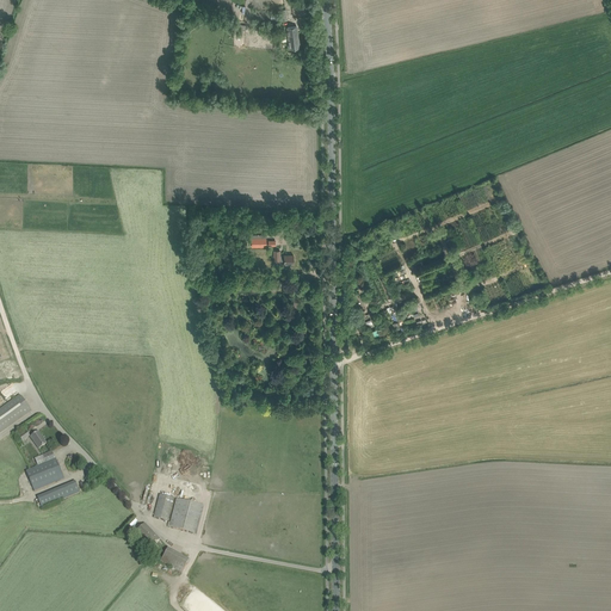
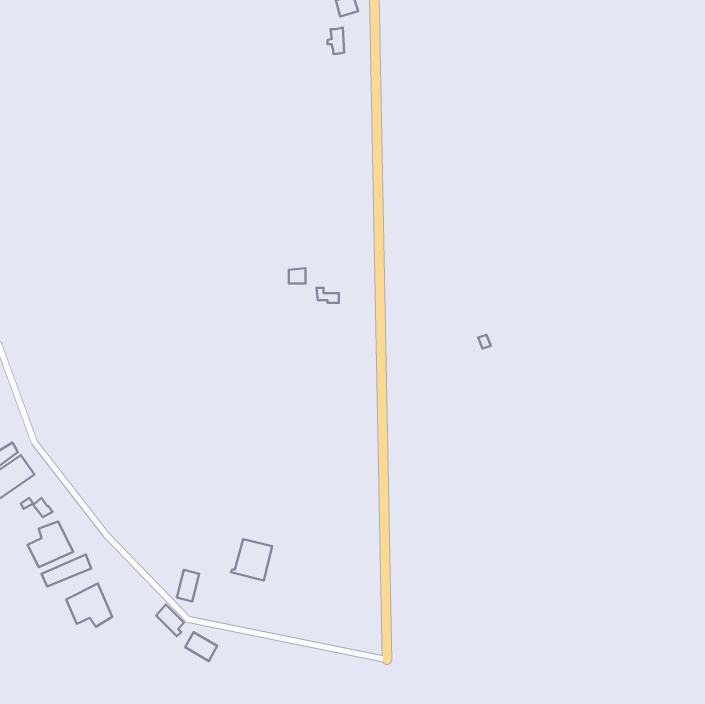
building: [166,496,202,532] -> [231,539,272,581]
building: none -> [66,584,112,627]

